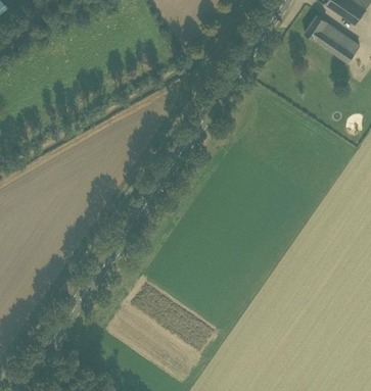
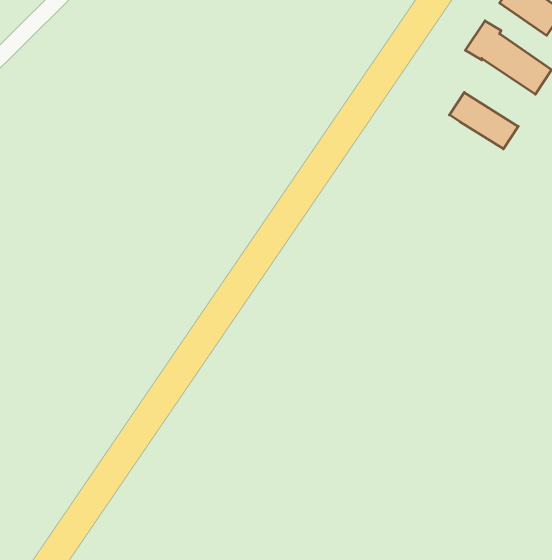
building: none -> [449,92,518,149]

